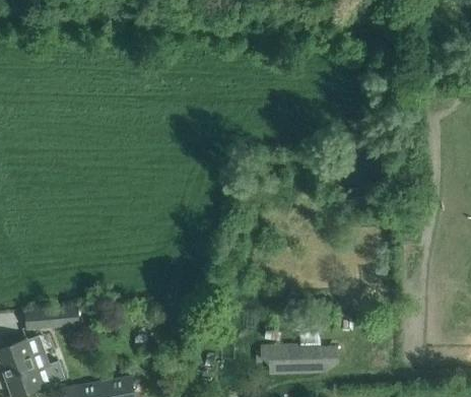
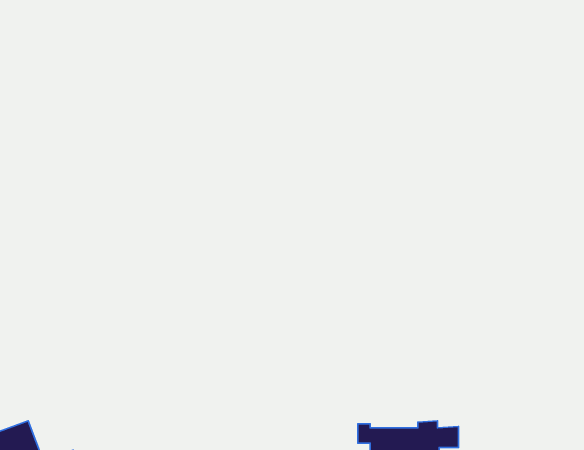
building: [24,310,67,330] -> none

